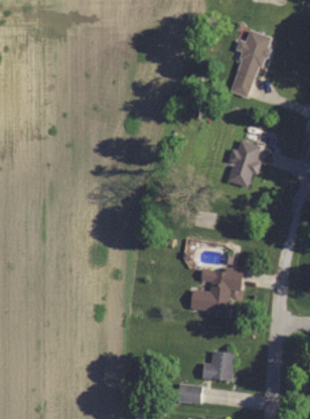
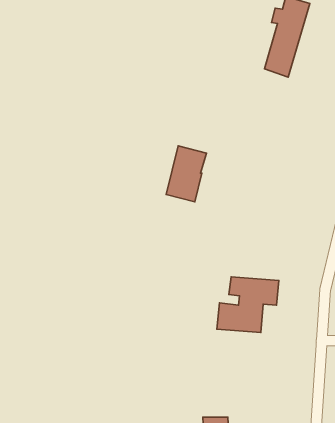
building: [227,139,262,186] -> [166,146,207,202]
building: [203,351,236,380] -> none

